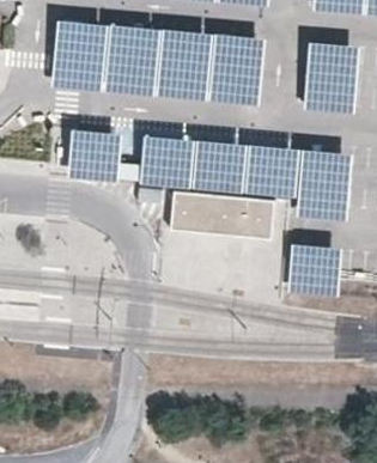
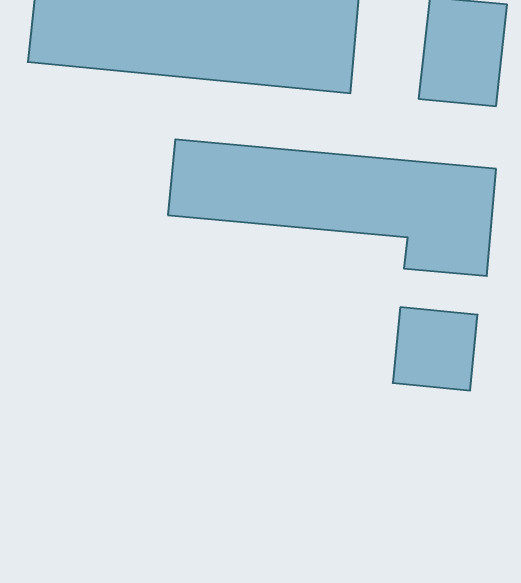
building: [68,130,118,182] -> none
building: [168,197,272,243] -> none

